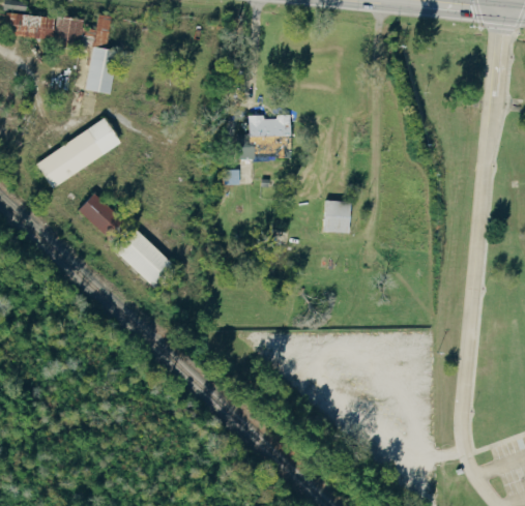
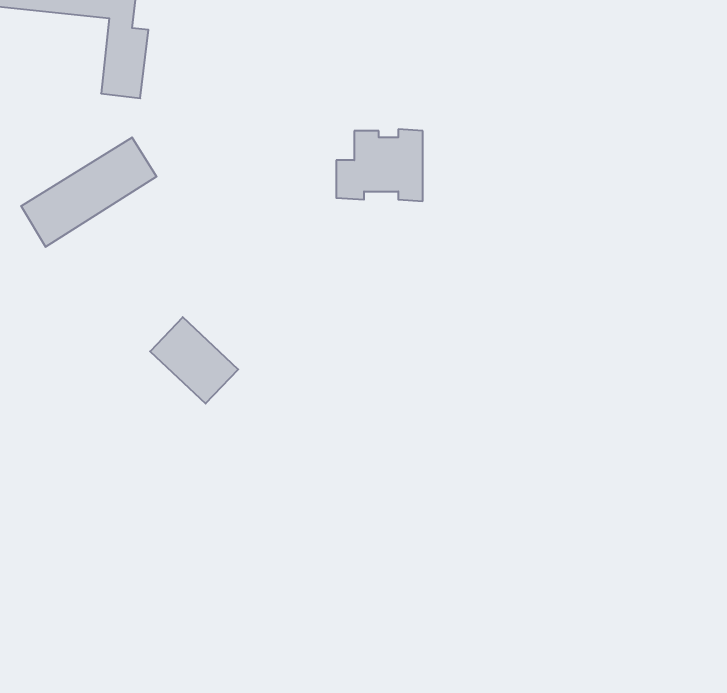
building: [79,194,123,238] -> none
building: [323,200,350,232] -> none

